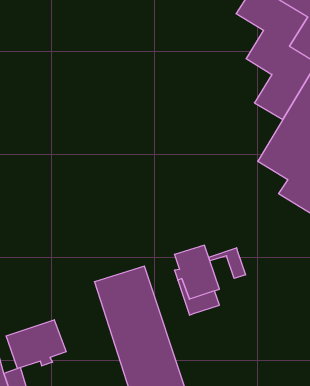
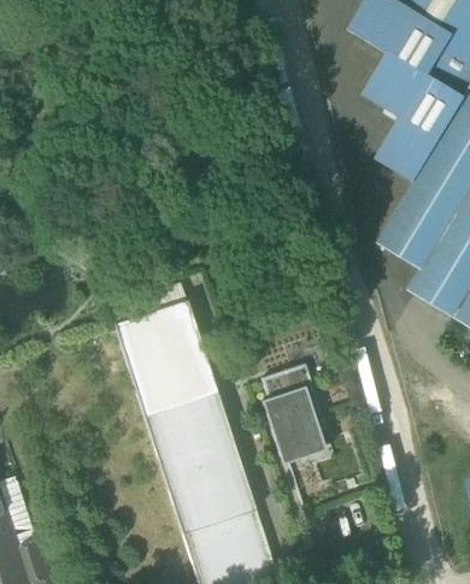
building: none -> [112,295,215,412]
building: [209,248,246,278] -> none
building: [6,320,66,369] -> none

